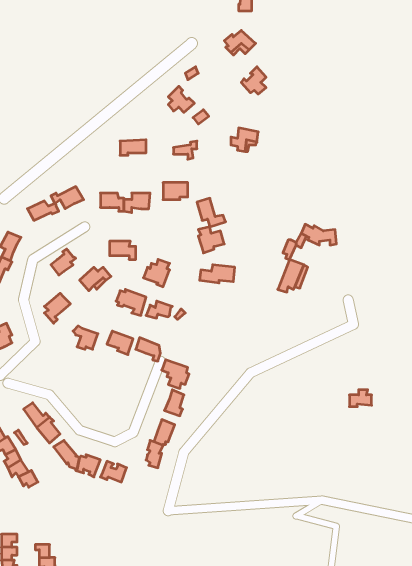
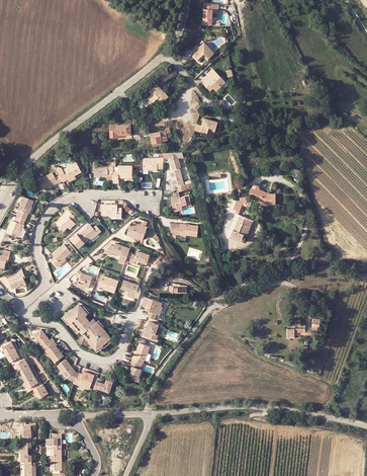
building: none -> [63,304,111,350]

